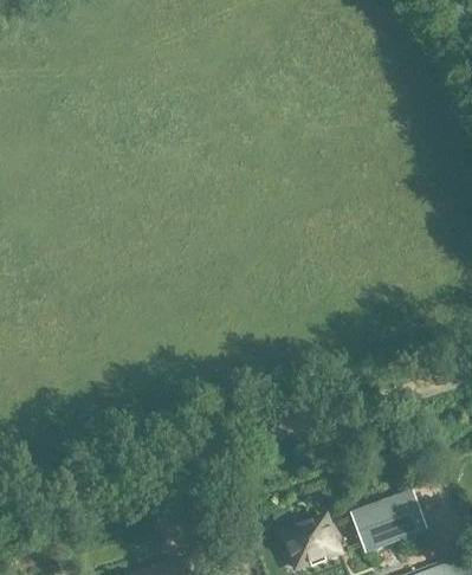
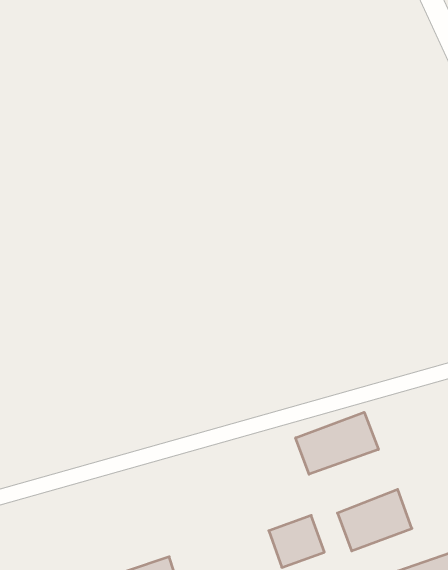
building: none -> [296,412,378,474]

